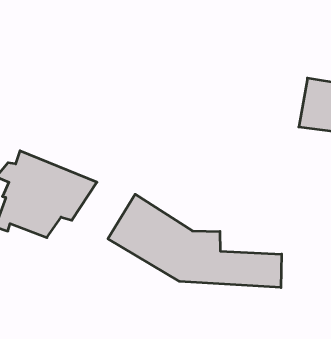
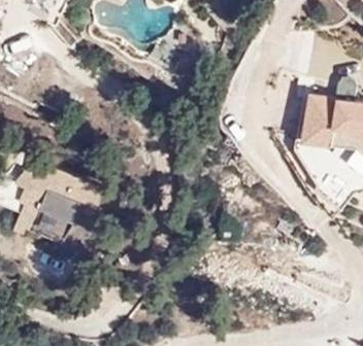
building: [108,194,282,288] -> none

